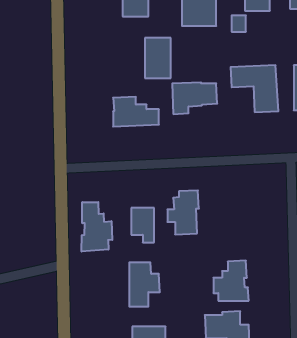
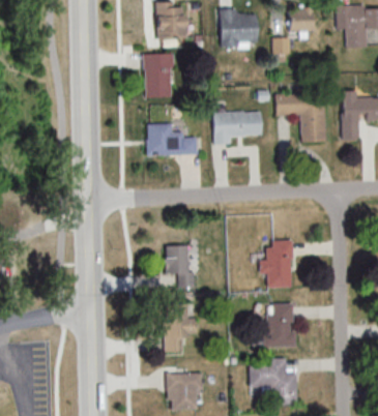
building: [145,38,171,78] -> [146,54,174,97]
building: [167,190,199,234] -> [258,238,292,286]
building: [82,202,112,252] -> none

